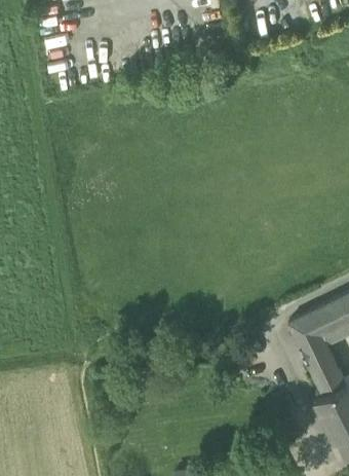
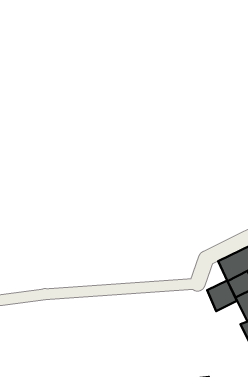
building: none -> [207,280,237,311]

